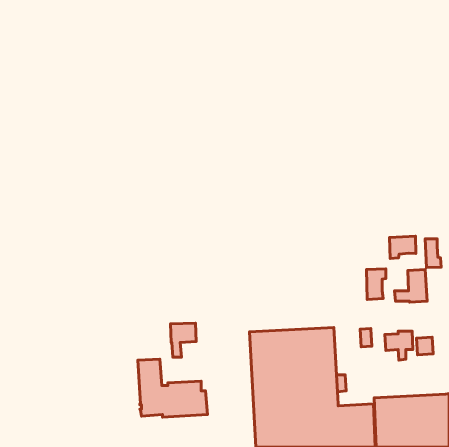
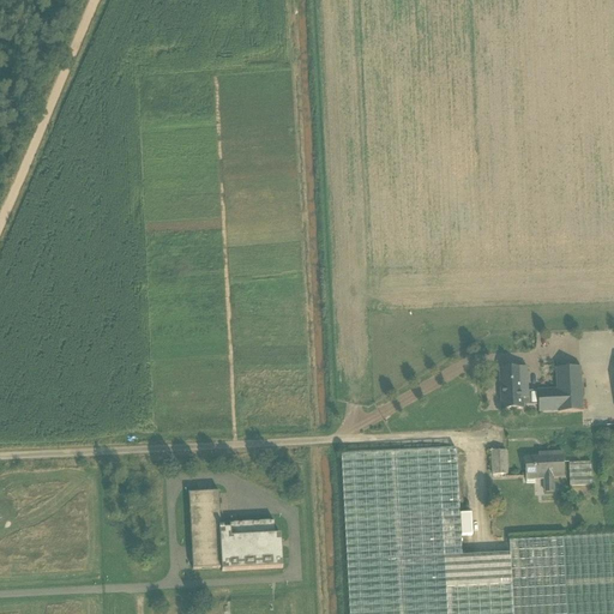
building: [389,236,416,259] -> none
building: [425,239,441,267] -> none
building: [170,323,196,357] -> none

